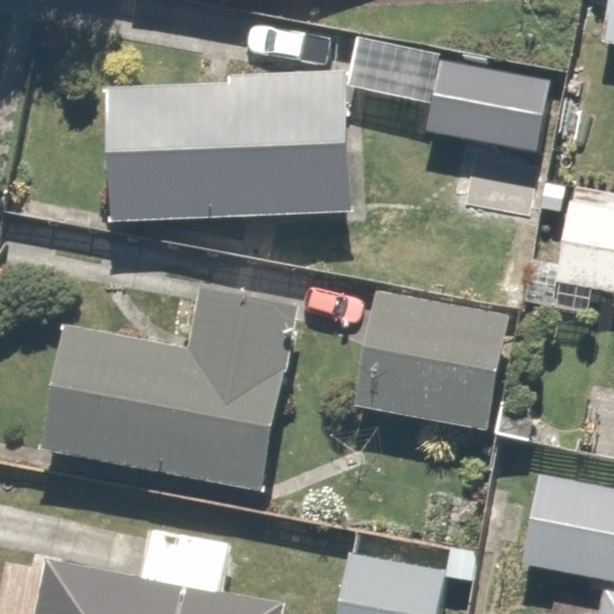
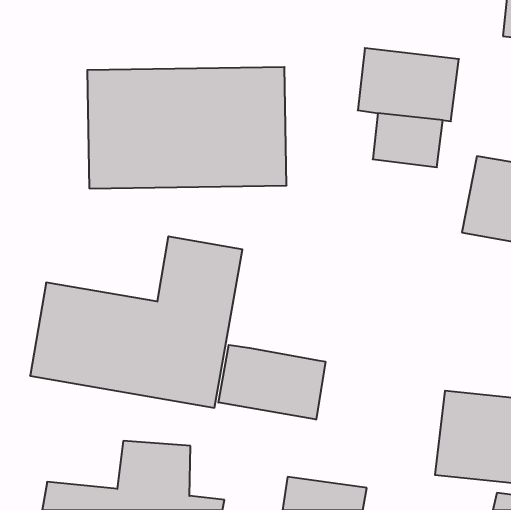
building: [361,297,507,422] -> none
building: none -> [218,345,325,420]

